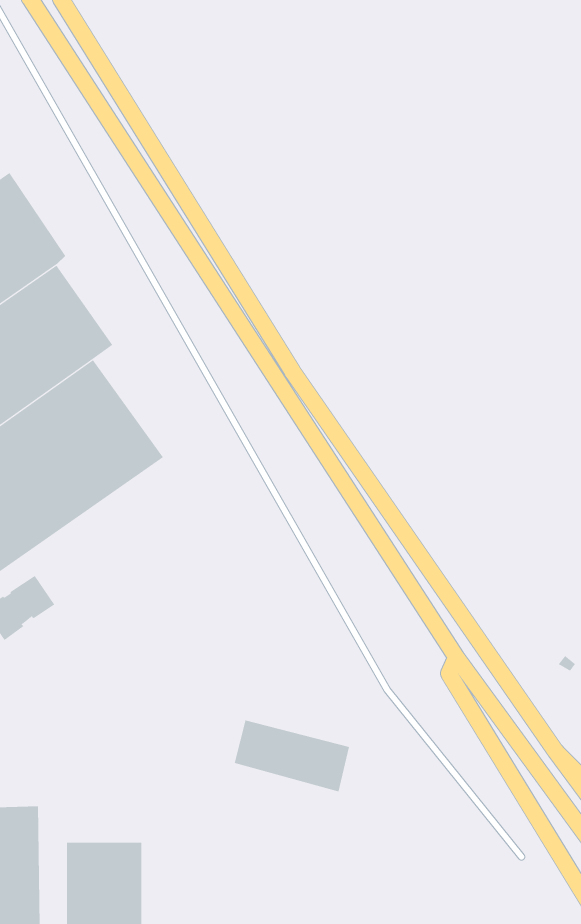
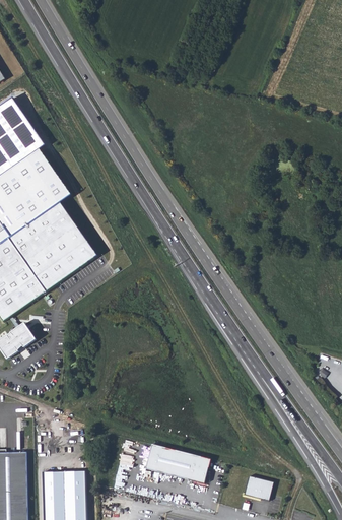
building: [234,720,350,792] -> [144,443,209,483]
building: none -> [243,475,272,501]

